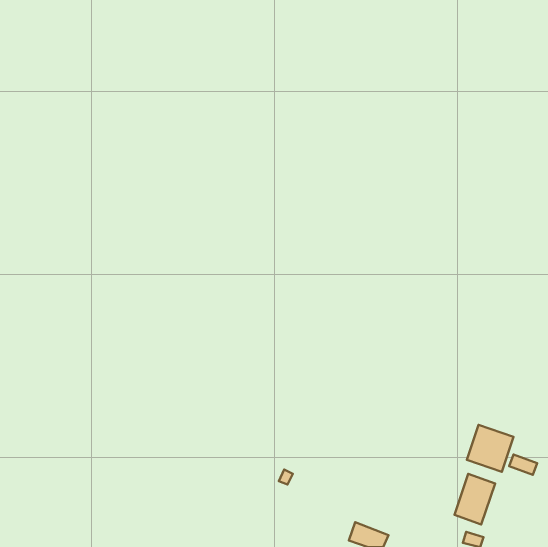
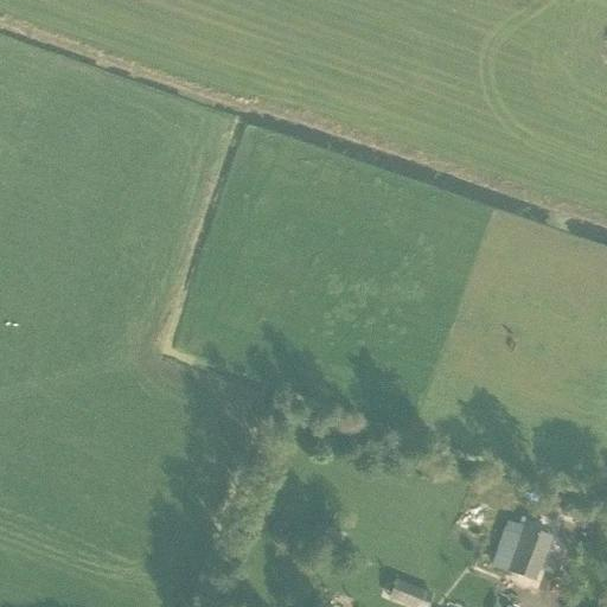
building: [467,425,513,472] -> none

